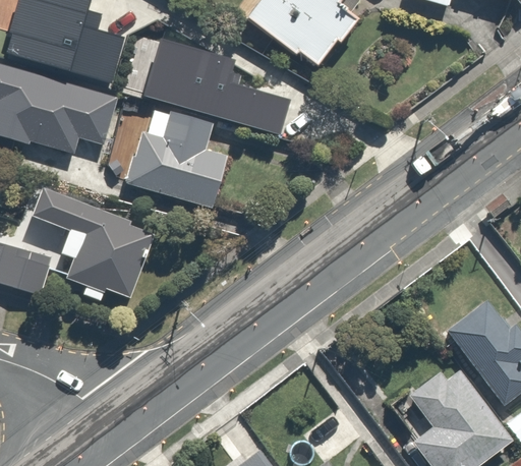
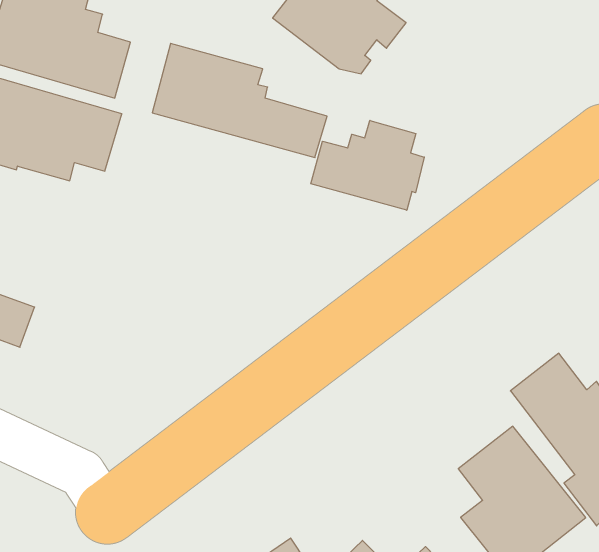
building: none -> [311,120,424,210]
building: [126,111,229,209] -> none
building: [24,185,144,298] -> none

